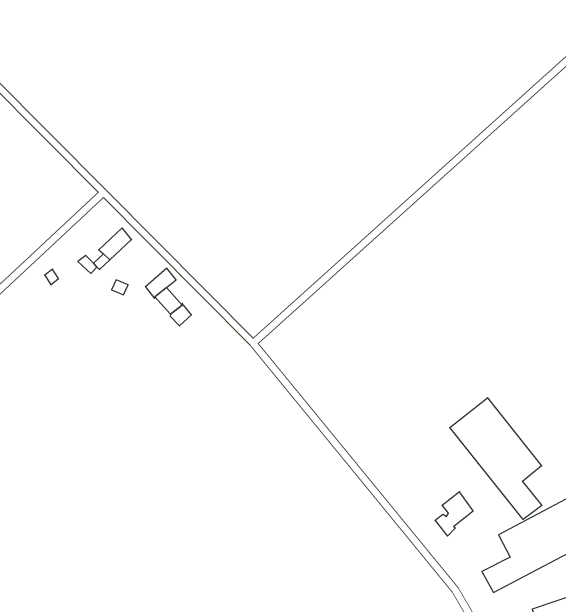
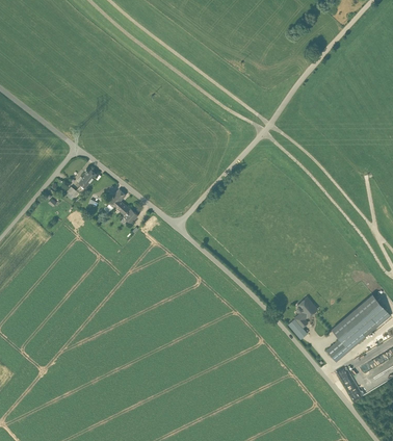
building: [450,398,542,519] -> none

